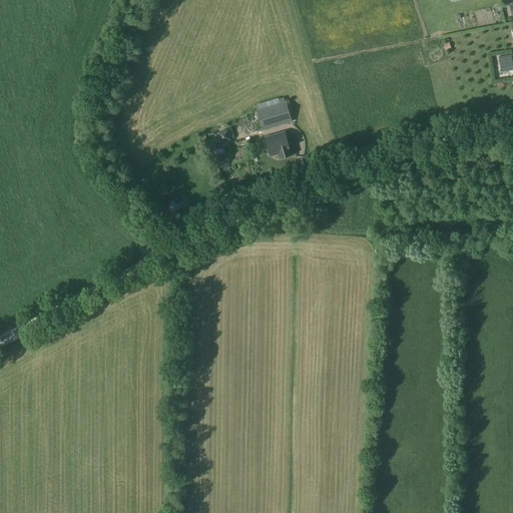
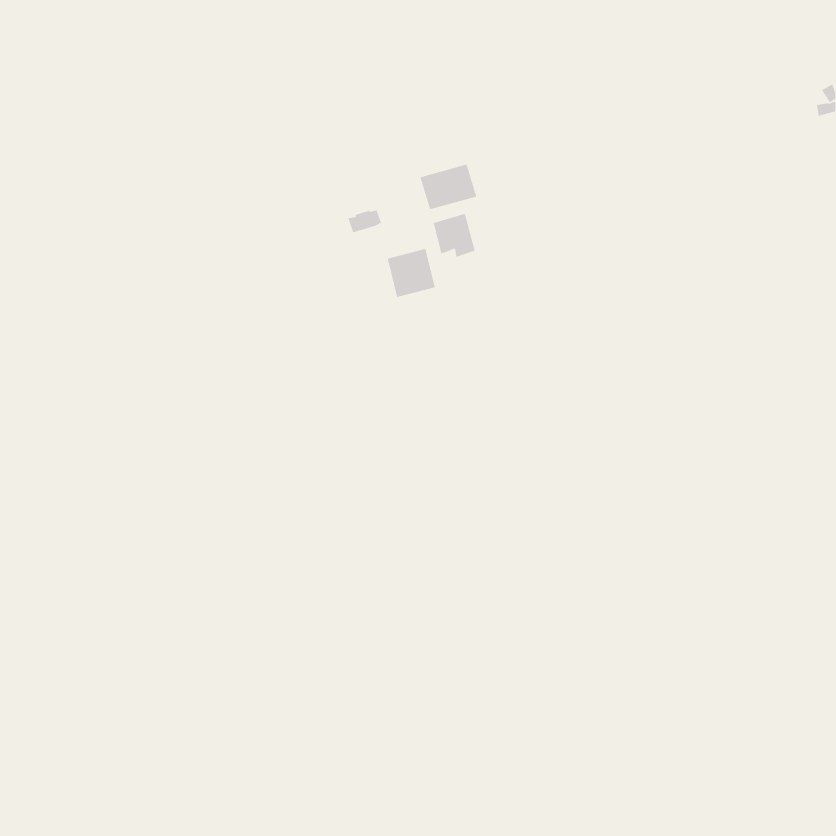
building: none -> [387,248,435,298]

